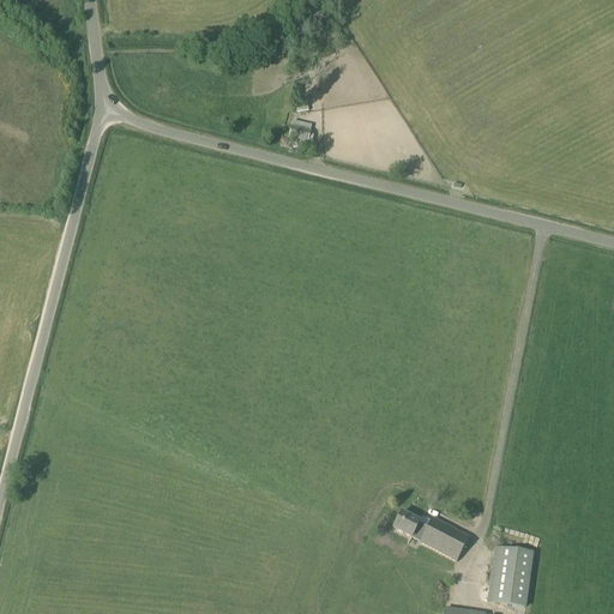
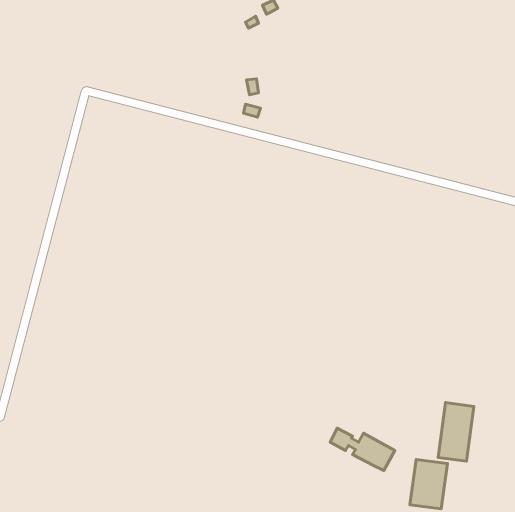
building: none -> [438,403,474,461]

